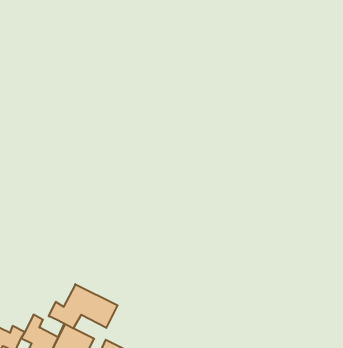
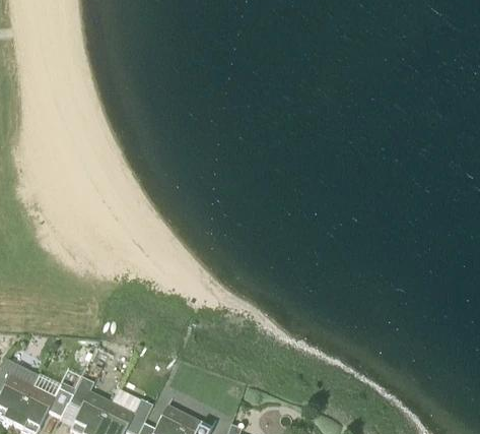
building: [49,284,118,328] -> none

